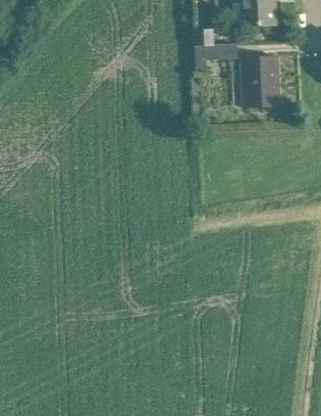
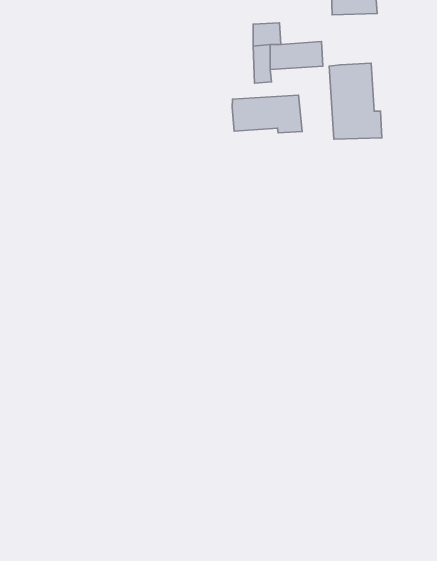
building: none -> [232,95,302,133]

